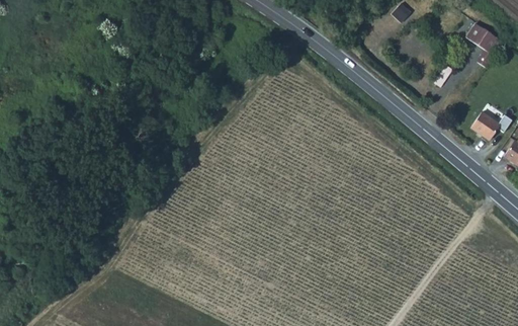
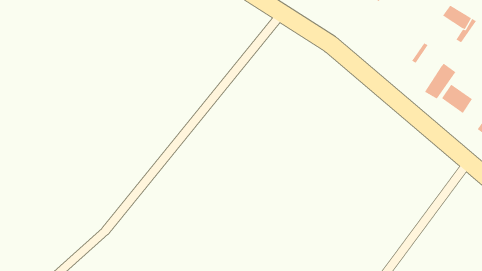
building: none -> [424,63,456,99]

